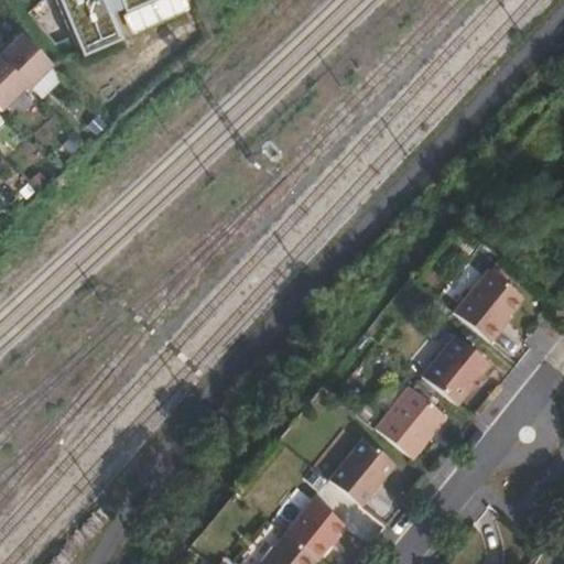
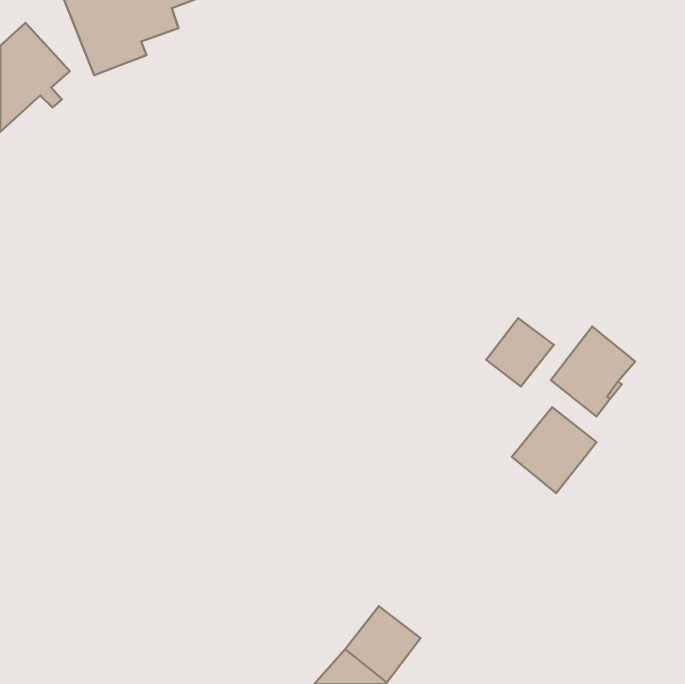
building: none -> [486,318,554,387]
building: [375,384,446,457] -> none
building: [328,436,395,505] -> none

